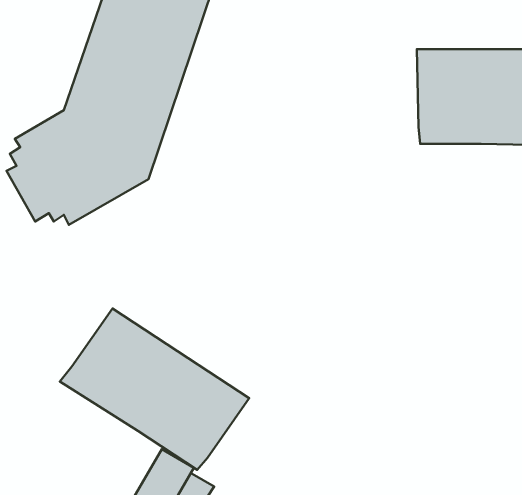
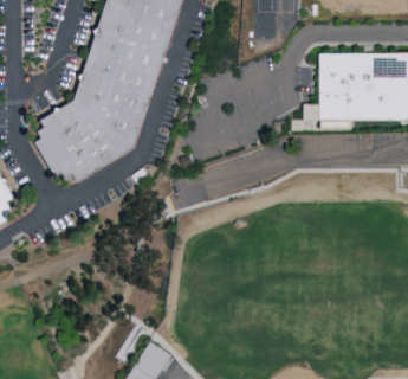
building: [60,308,249,470] -> none

